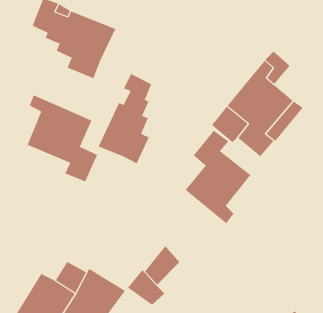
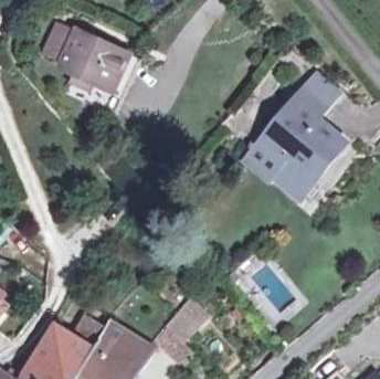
building: [98,73,152,164] -> none
building: [27,94,98,182] -> none
building: [185,130,251,224] -> none

